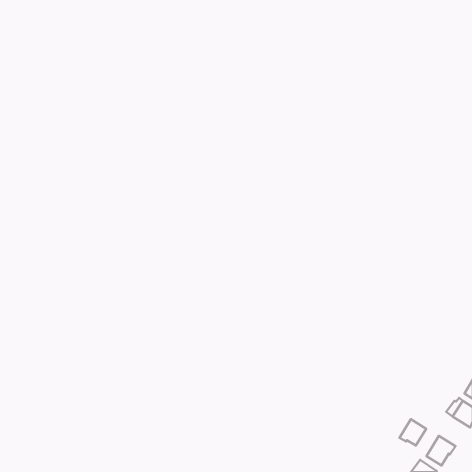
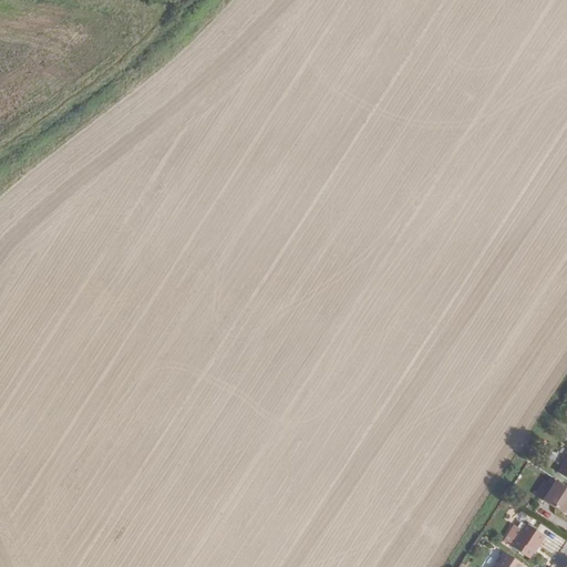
building: [399,419,426,446] -> none

